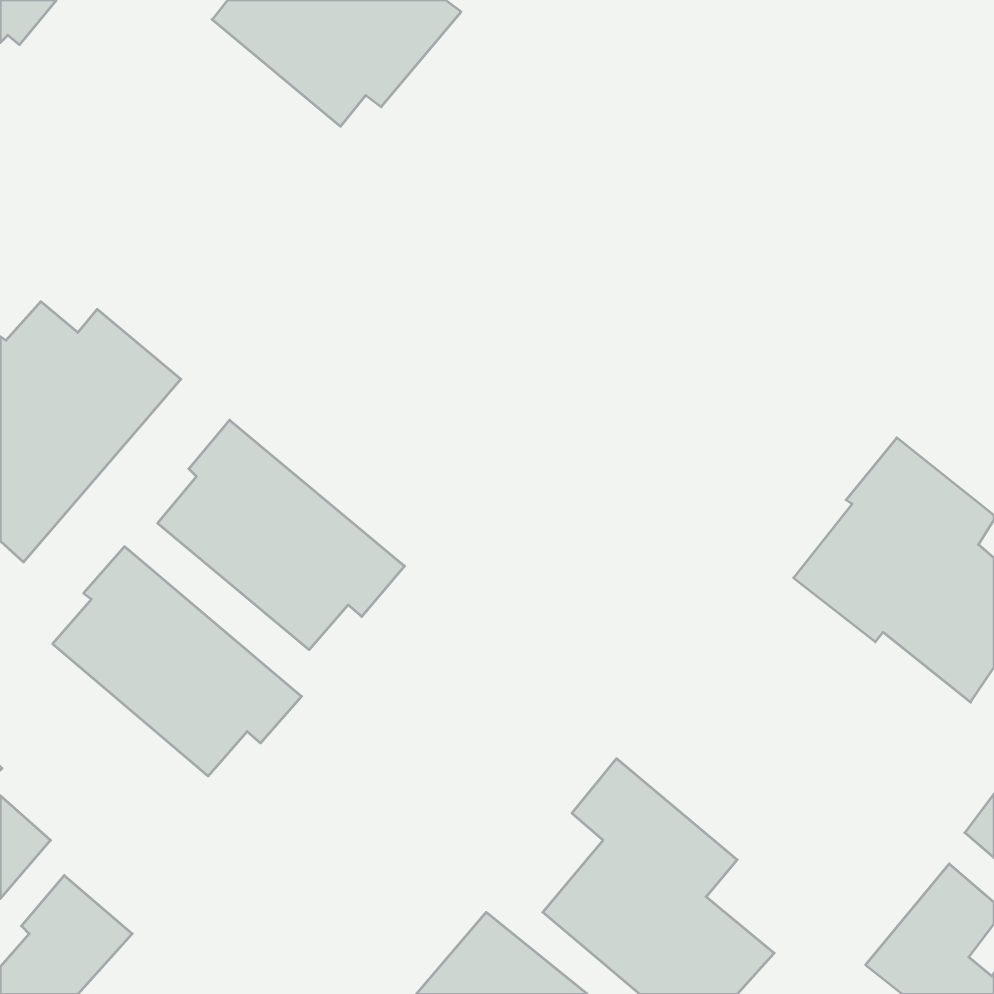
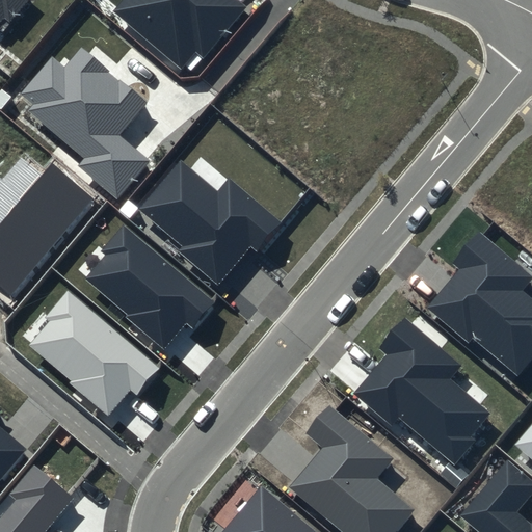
building: none -> [21,48,150,200]
building: none -> [140,161,286,285]
building: none -> [353,318,489,464]

